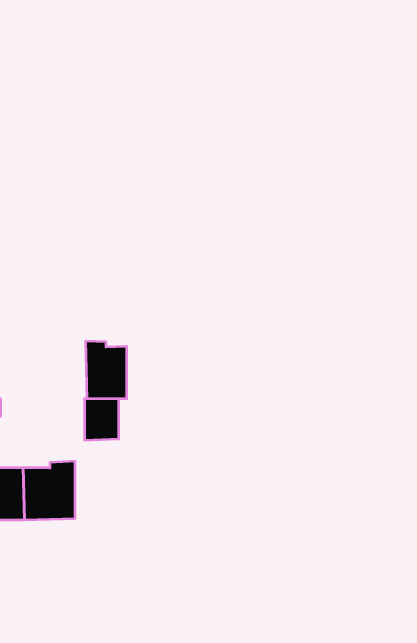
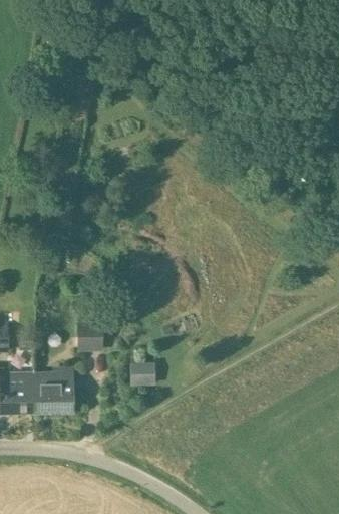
building: [86,341,127,399] -> none
building: none -> [128,360,155,386]

